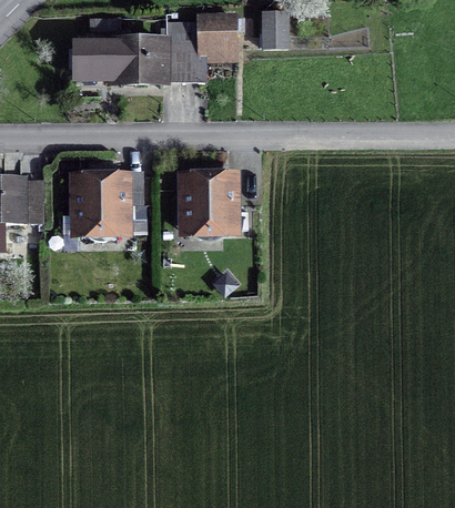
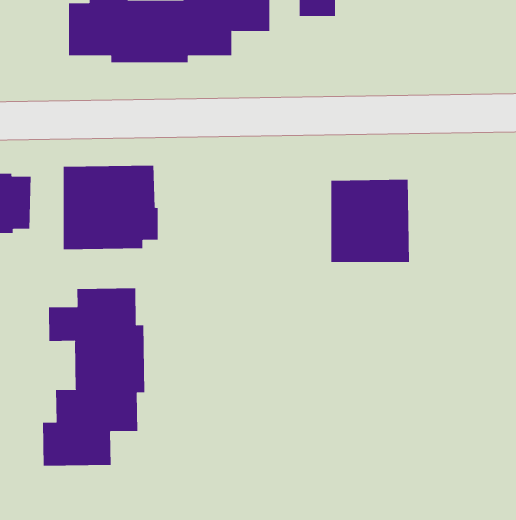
building: [176,169,241,236] -> [331,179,410,262]
building: none -> [43,288,145,466]

